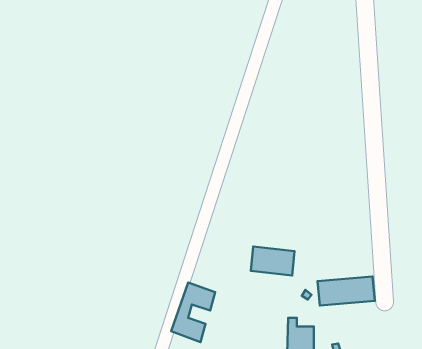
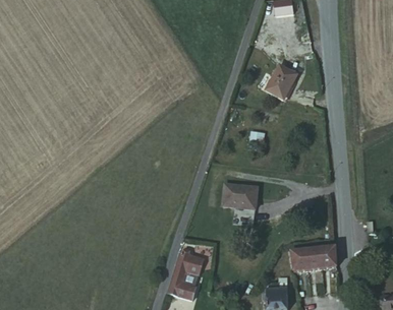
building: none -> [264,65,295,101]
building: [251,246,295,276] -> [224,181,261,205]

